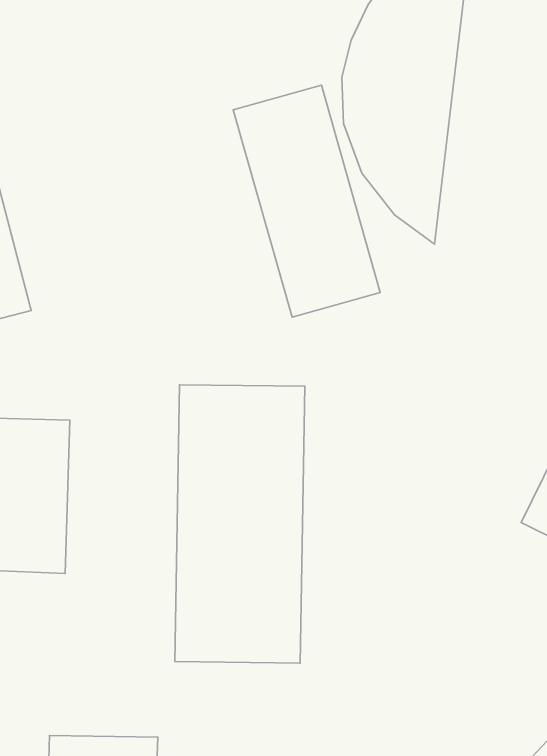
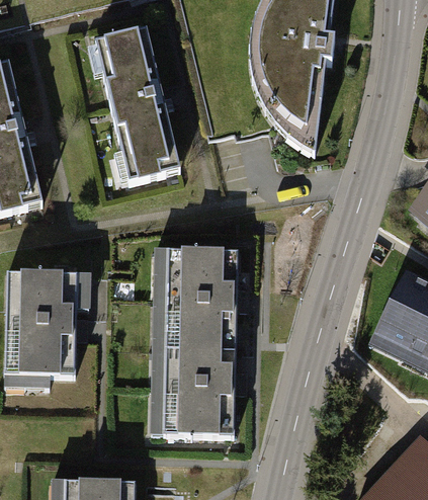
building: [233,85,380,317] -> [92,35,188,187]

